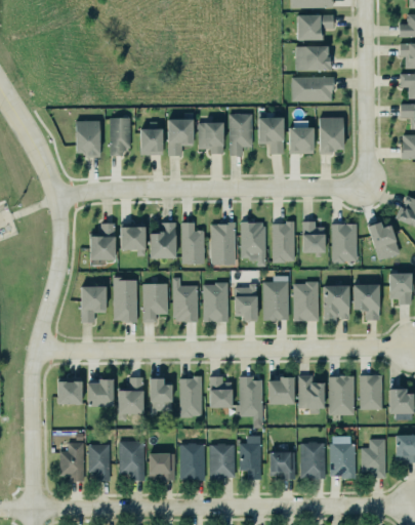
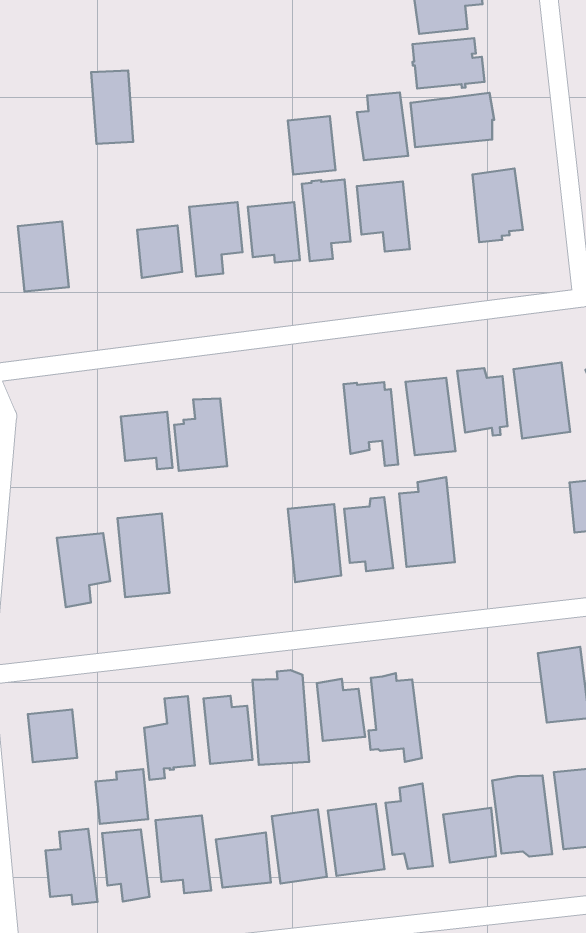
building: none -> [288,116,335,174]
building: [110,118,130,157] -> [91,70,133,144]
building: [289,120,314,154] -> [357,92,408,160]
building: [180,223,204,264] -> none
building: [210,223,235,265] -> none
building: [90,224,116,260] -> none
building: [139,278,167,323] -> none
building: [173,278,198,322] -> none
building: [292,281,318,321] -> none
building: [322,286,347,321] -> none
building: [298,375,324,414] -> none
building: [266,377,293,405] -> none
building: [86,379,112,406] -> [96,769,148,824]

